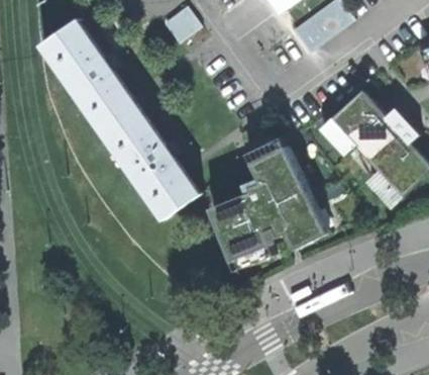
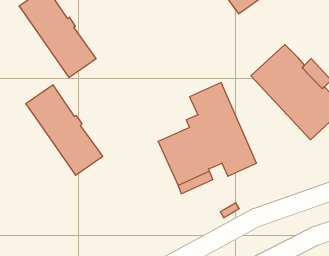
building: [100,107,194,217] -> [26,85,103,175]

